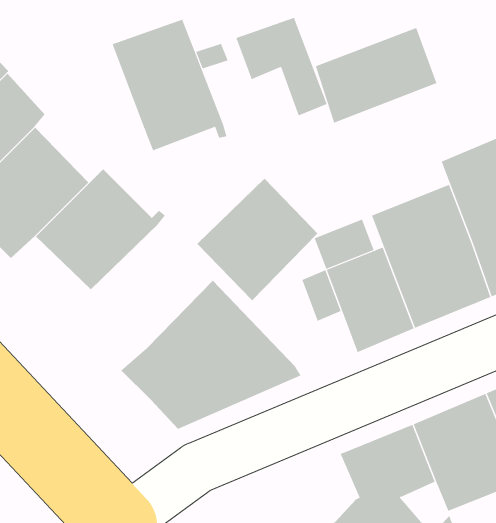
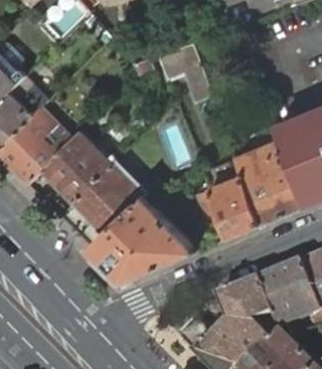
building: [112,19,227,151] -> none
building: [315,27,437,123] -> none
building: [196,178,318,301] -> [73,162,144,233]

